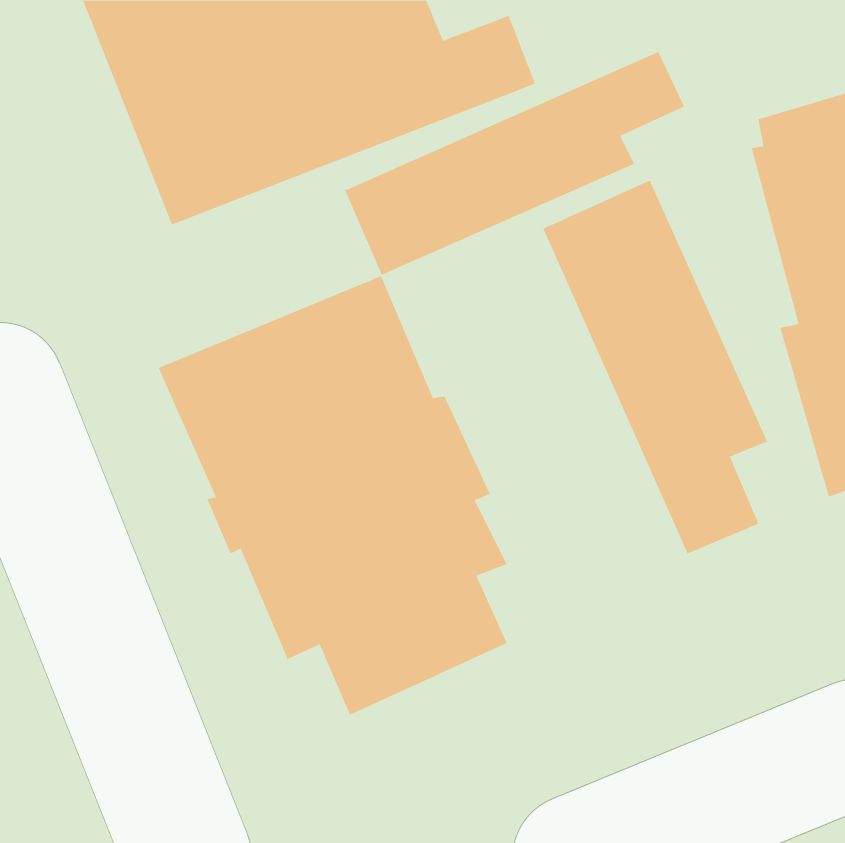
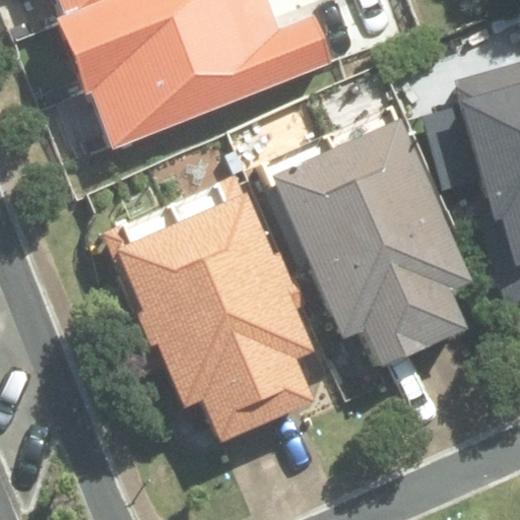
building: [345,51,685,275] -> none
building: none -> [273,147,424,364]

